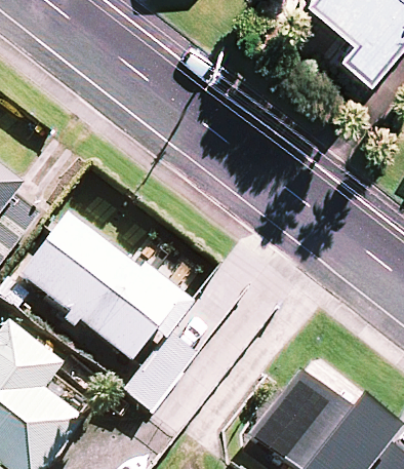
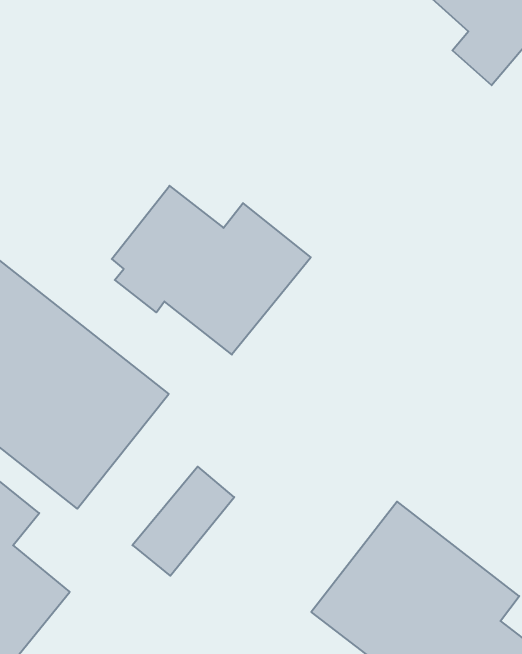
building: none -> [112,186,311,355]

